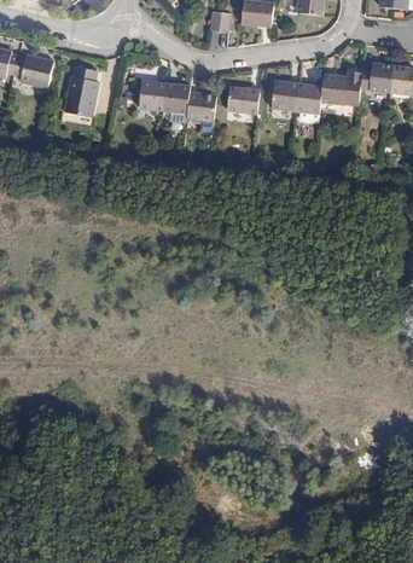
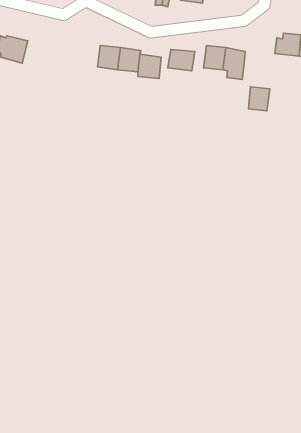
building: [60,63,98,123] -> none
building: [322,70,349,100] -> [249,87,270,111]

